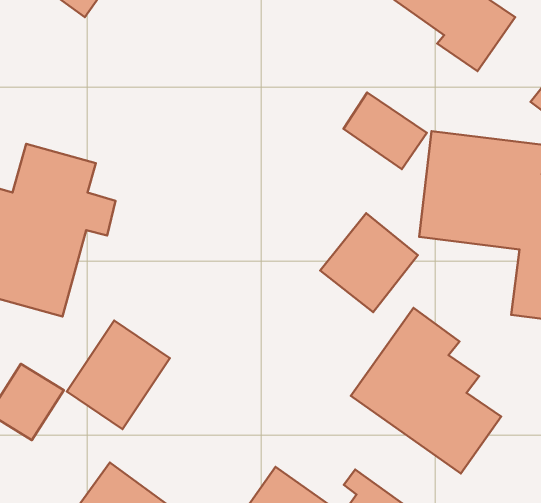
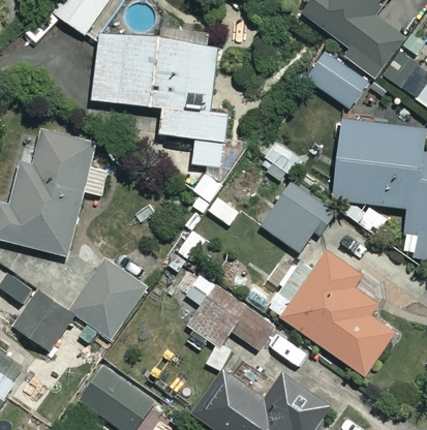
building: none -> [91,30,228,181]
building: [343,93,427,169] -> [306,51,368,108]
building: none -> [184,273,278,350]

